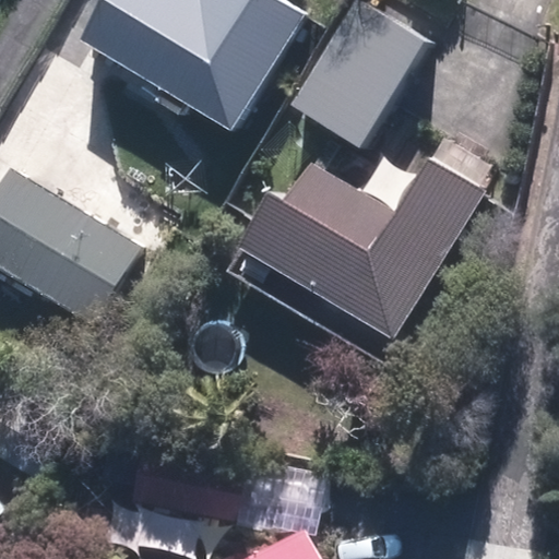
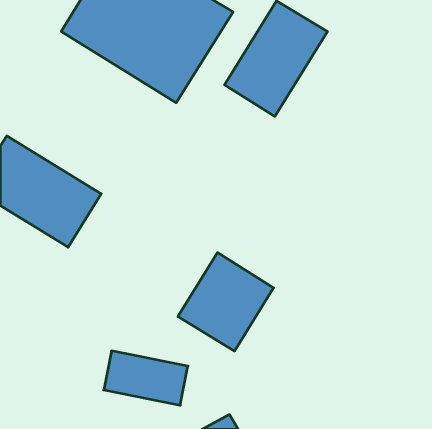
building: [241,155,484,338] -> none
building: none -> [178,253,274,351]

